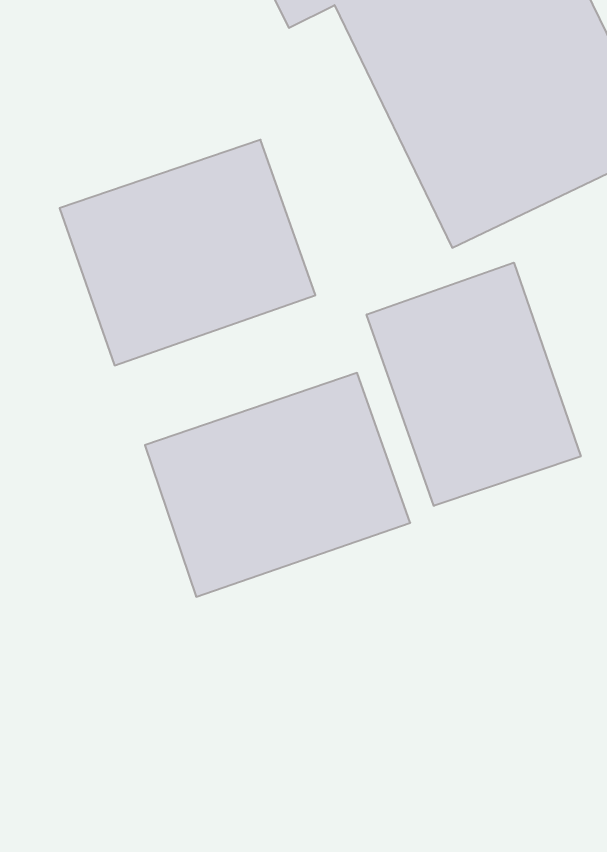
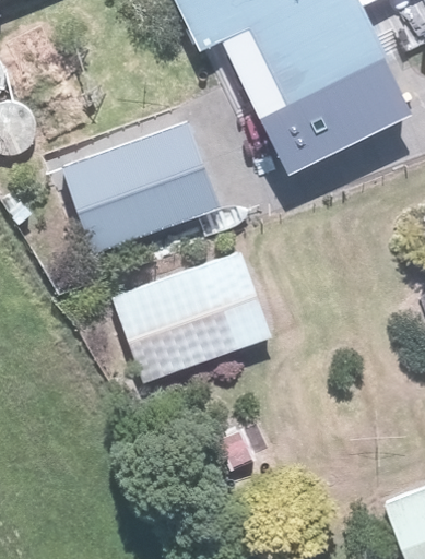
building: [367,263,581,506] -> none

